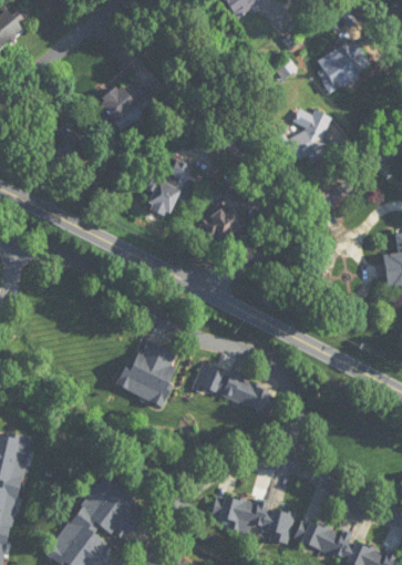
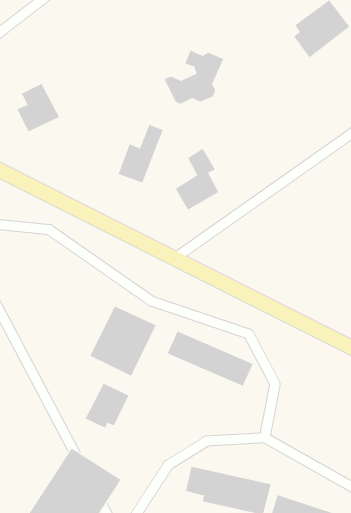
building: [92,78,147,129] -> none
building: [272,109,331,162] -> [164,50,224,104]
building: none -> [85,383,129,428]

